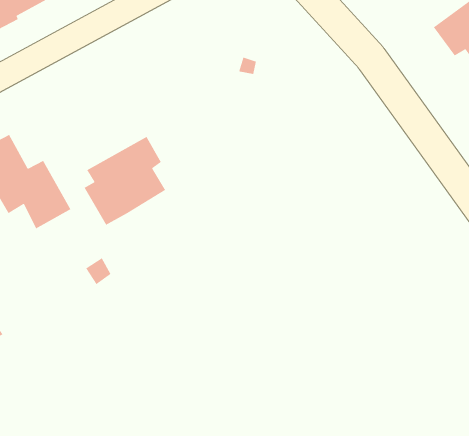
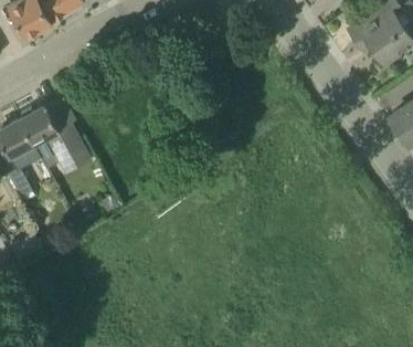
building: [84,136,166,226] -> none

